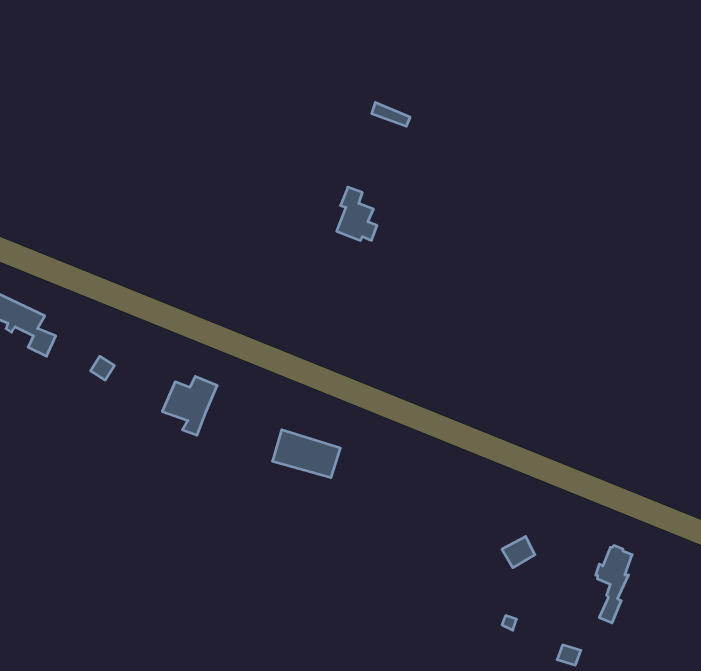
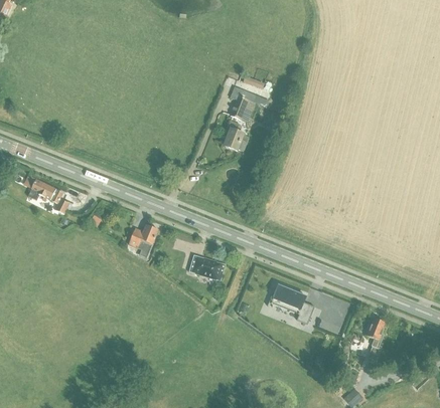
building: none -> [230,85,269,122]
building: none -> [271,283,314,323]

